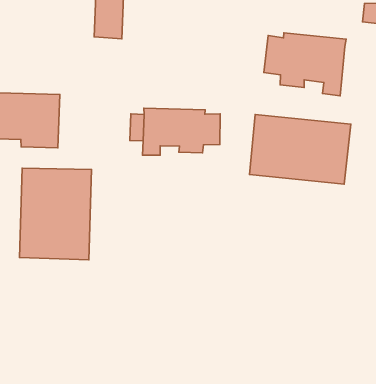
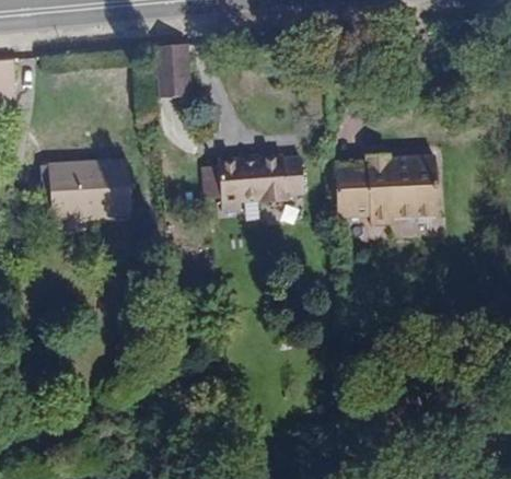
building: [264,33,346,96] -> none
building: [20,168,91,260] -> none

